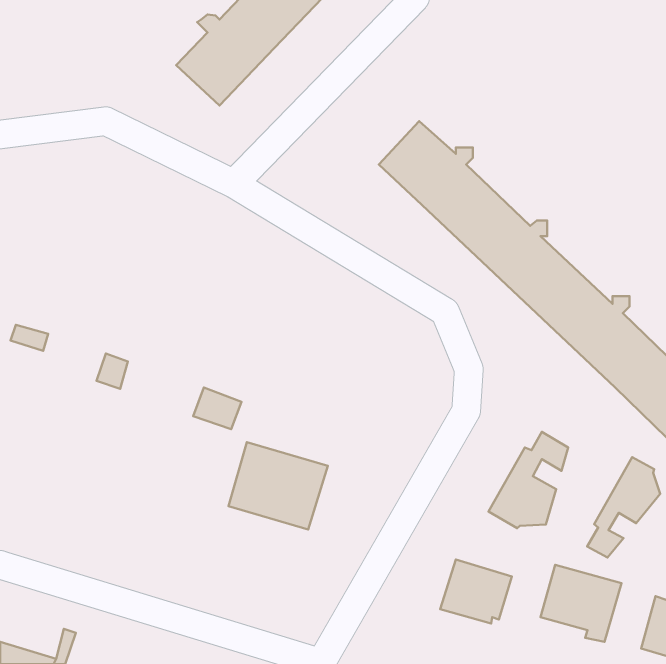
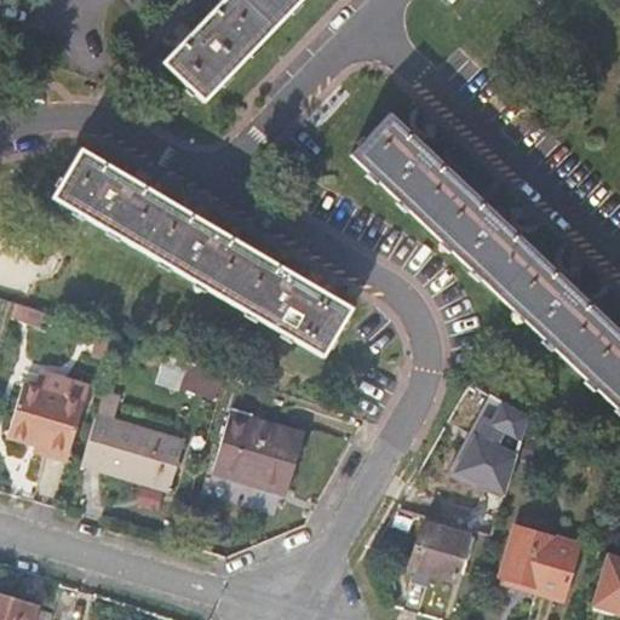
building: none -> [54,149,351,354]
building: none -> [8,381,85,452]
building: none -> [82,392,185,490]
building: [587,457,660,557] -> none

